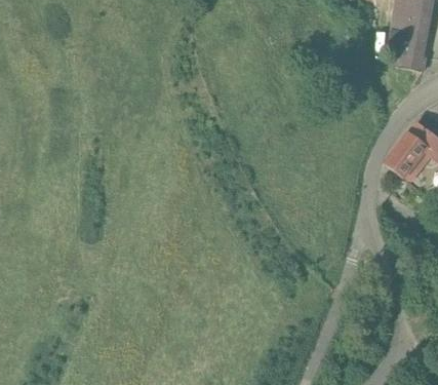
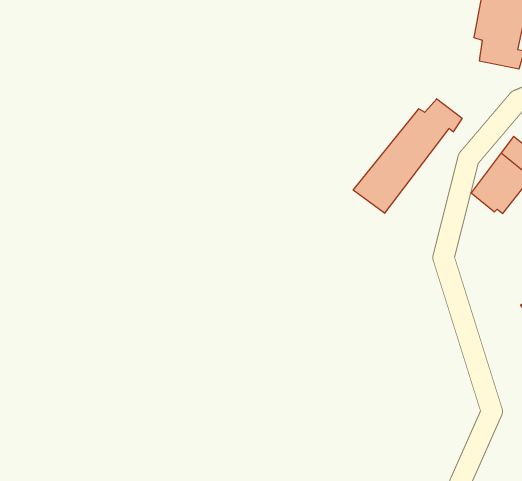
building: none -> [353,99,462,213]

